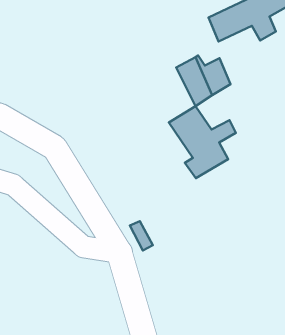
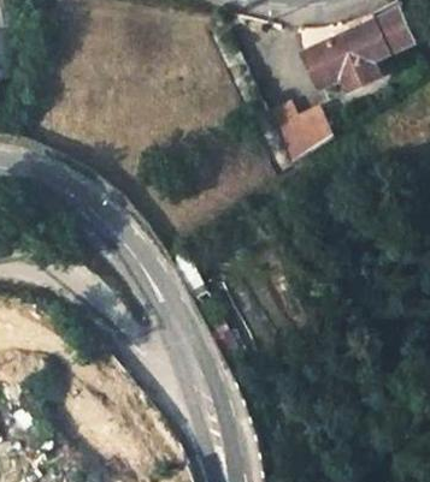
building: [169,106,236,178] -> none

